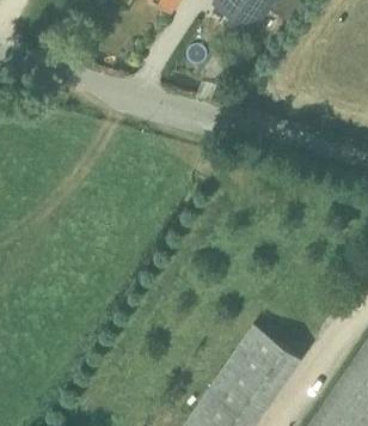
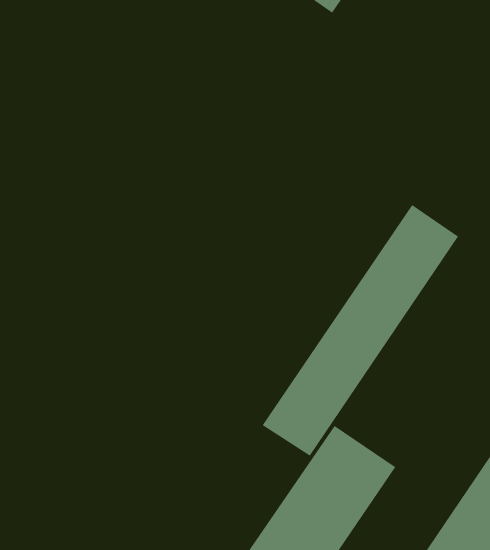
building: none -> [262,204,459,456]

